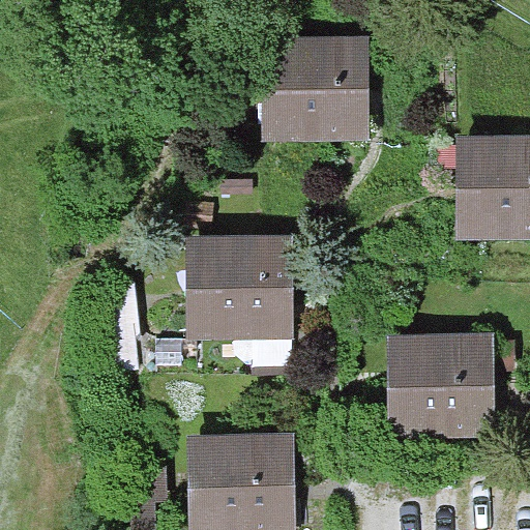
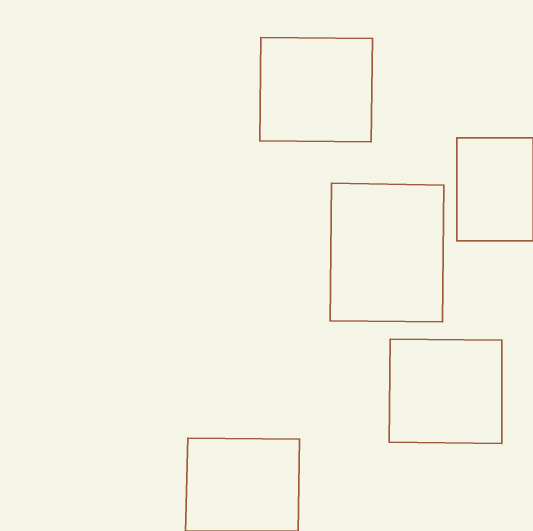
building: none -> [330,183,444,322]
building: [182,236,295,341] -> none

